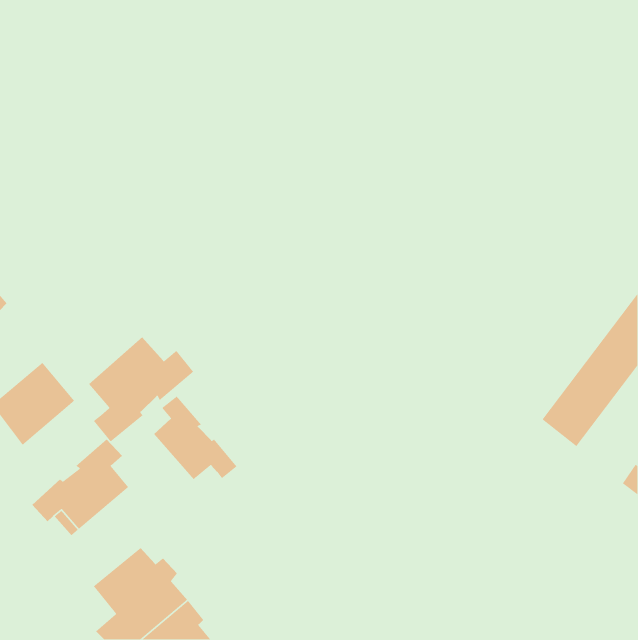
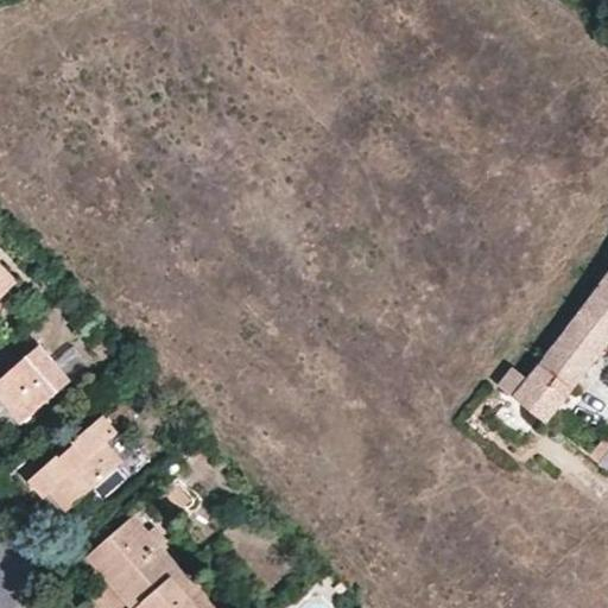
building: [88,336,194,443] -> none
building: [153,395,237,480] -> none

